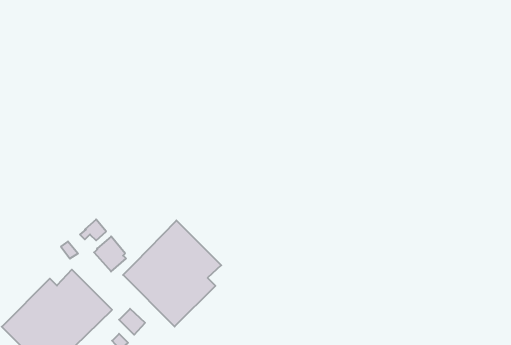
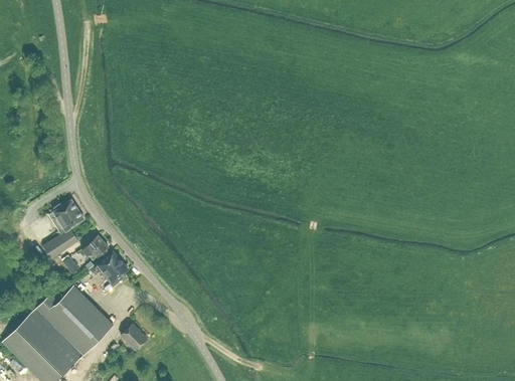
building: none -> [43,199,83,259]
building: [123,220,221,327] -> none

